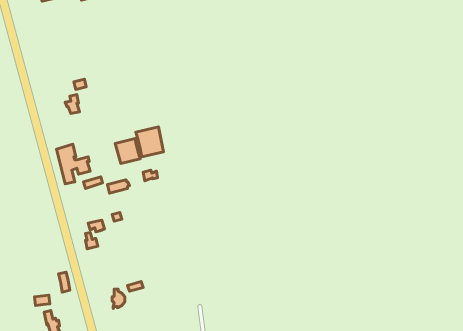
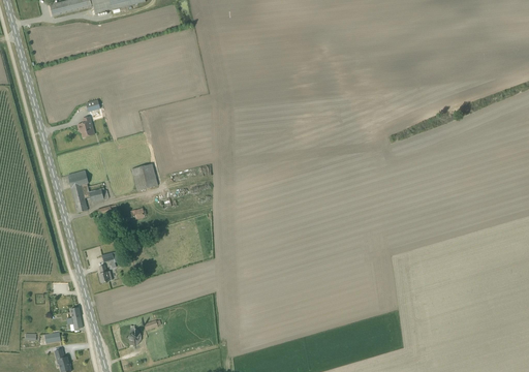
building: [136,127,163,157] -> none

